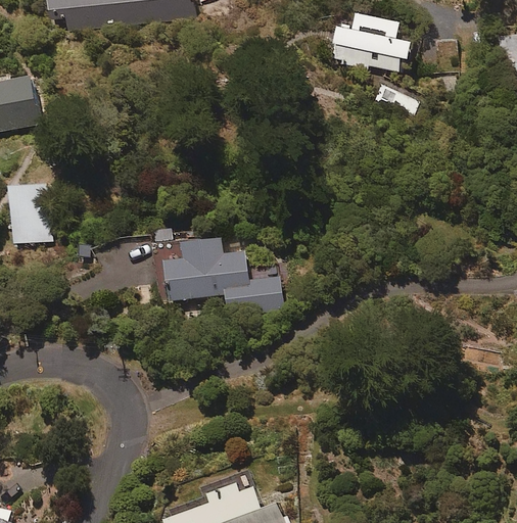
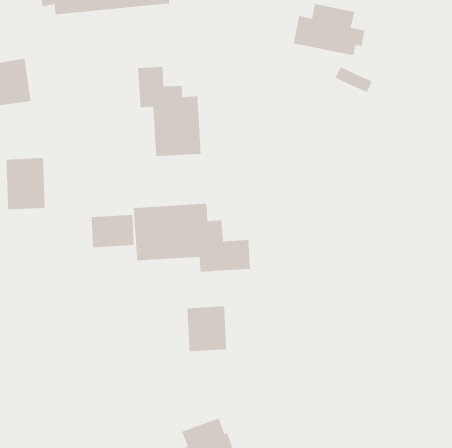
building: none -> [137,66,202,157]
building: none -> [91,214,135,248]
building: none -> [186,306,227,352]

